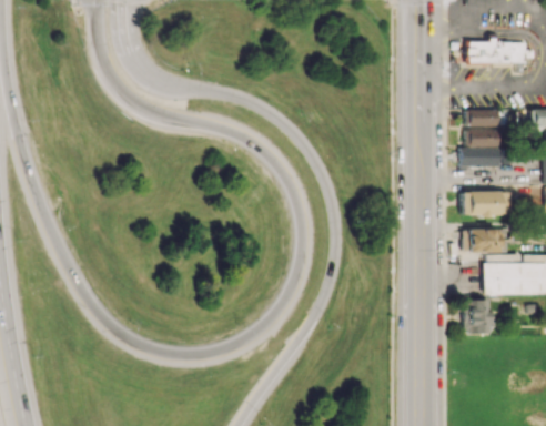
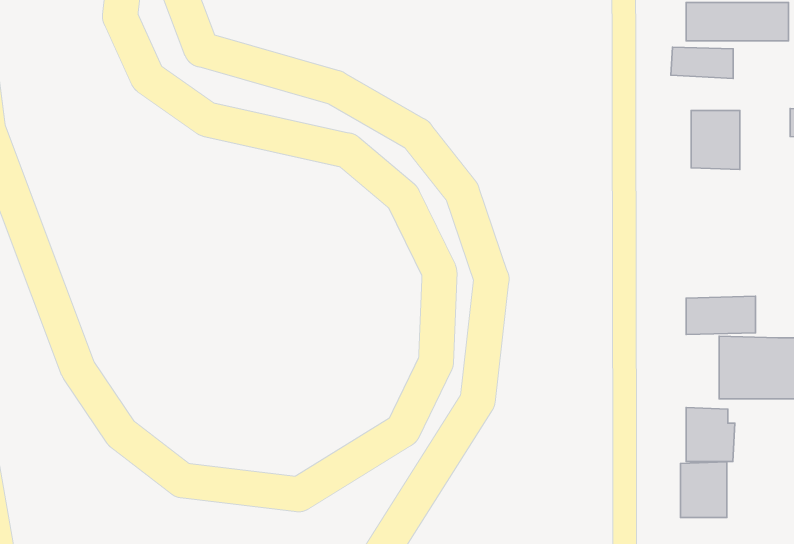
building: [459,148,499,168] -> [671,47,733,78]
building: [461,192,509,216] -> none
building: none -> [680,462,727,517]

